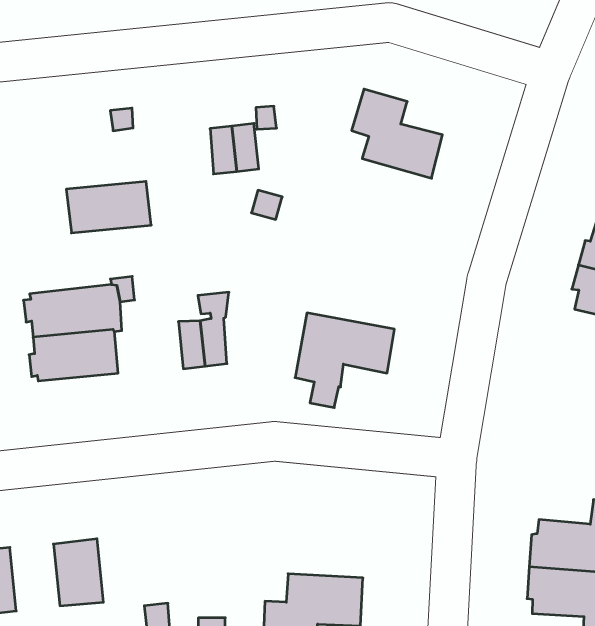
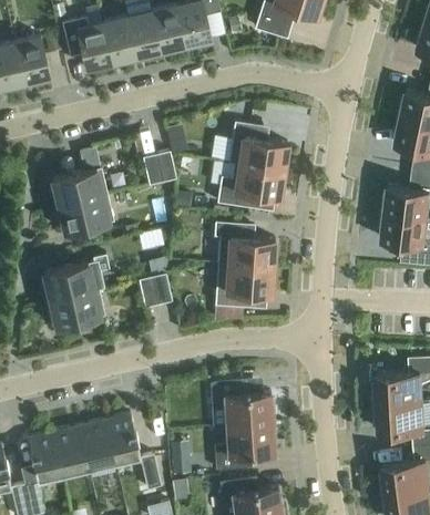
building: none -> [52,167,108,206]
building: none -> [217,162,284,208]
building: none -> [214,222,275,267]
building: none -> [211,380,273,426]
building: none -> [105,414,140,459]
building: none -> [52,426,88,471]

